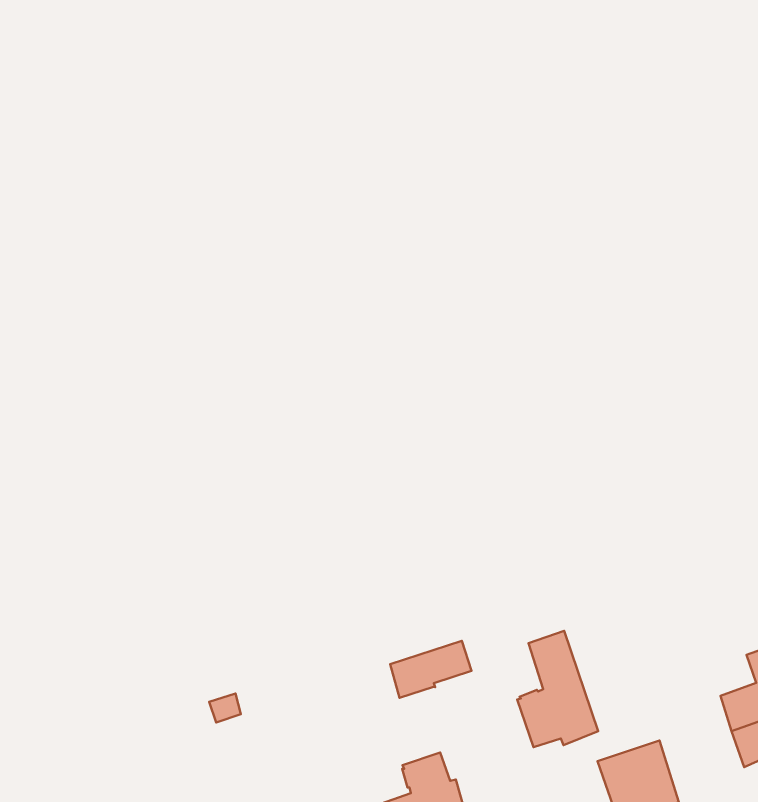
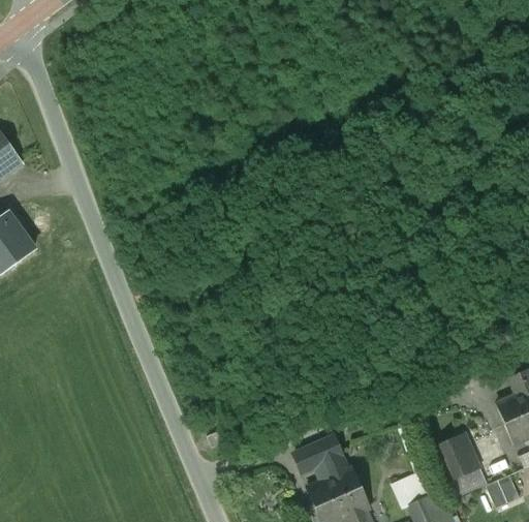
building: [517,631,598,747] -> none
building: [390,641,471,698] -> [294,436,341,472]

